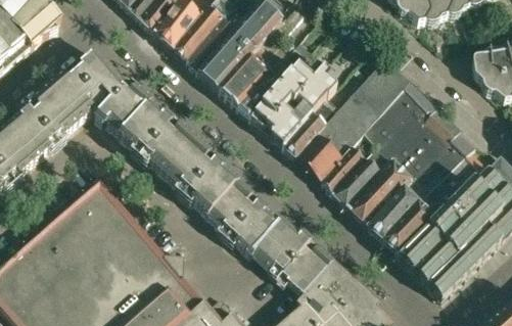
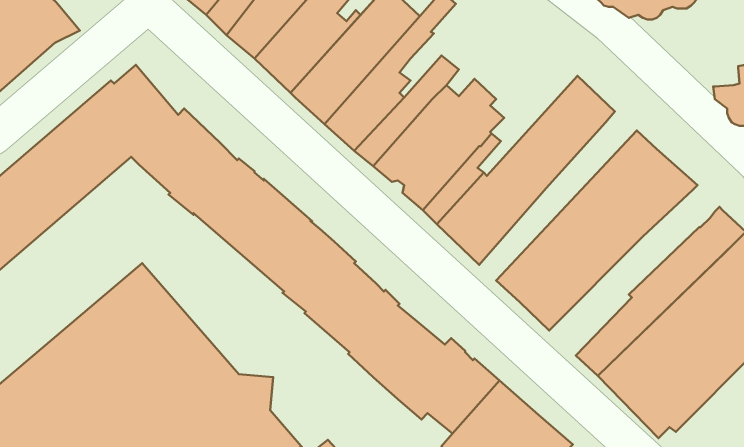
building: [319,81,422,192] -> none
building: [365,133,473,241] -> none

